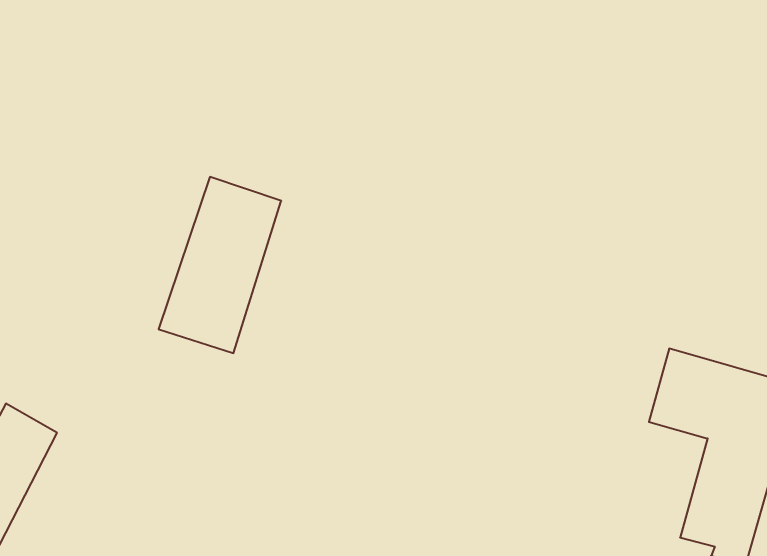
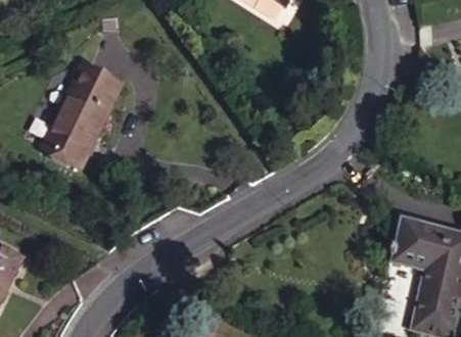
building: [159,177,281,353] -> [59,76,128,174]

